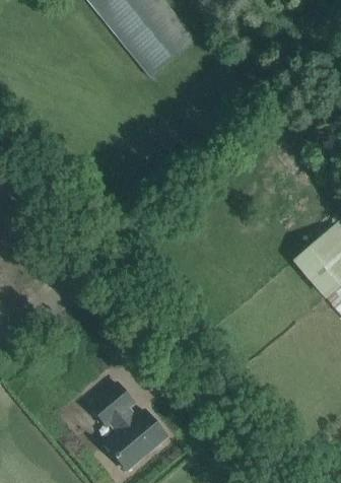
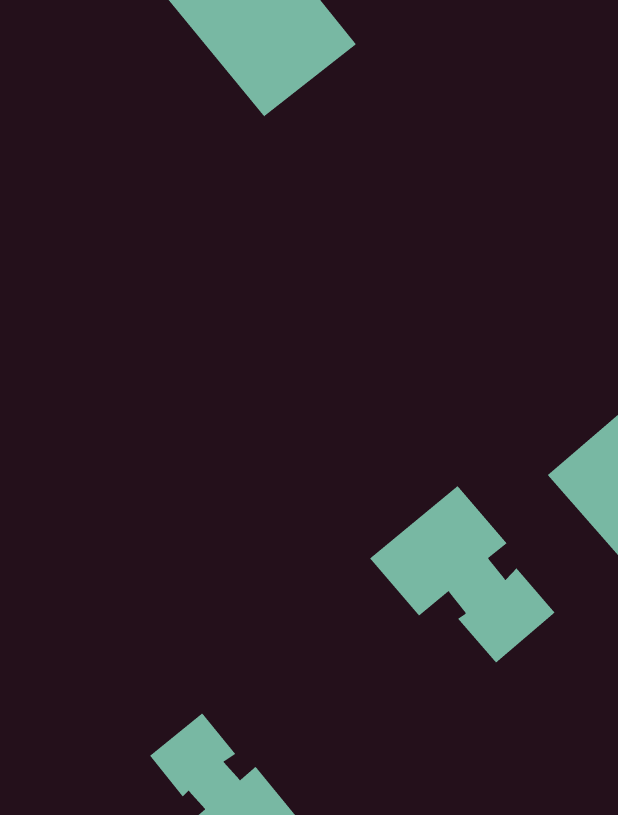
building: none -> [369,485,556,664]

